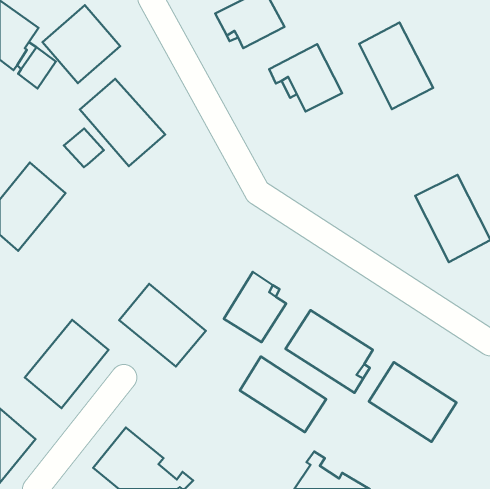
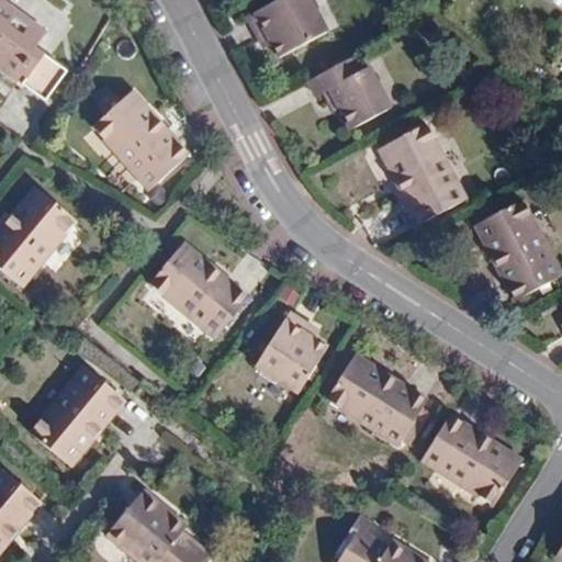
building: [42,5,120,83] -> none
building: [359,23,433,109] -> [380,123,464,222]
building: [64,129,104,167] -> none
building: [119,284,206,366] -> [149,243,248,337]
building: [240,357,326,432] -> none

